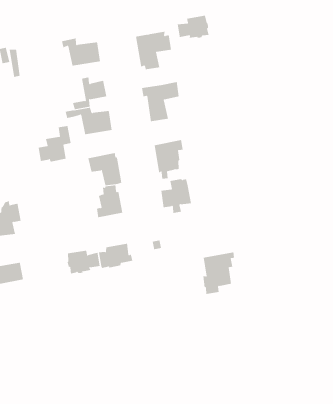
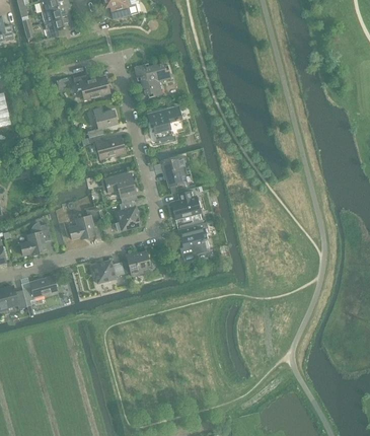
building: [177,15,209,39] -> none
building: [38,126,71,162] -> [68,206,97,239]
building: [203,252,235,294] -> [177,222,206,262]

